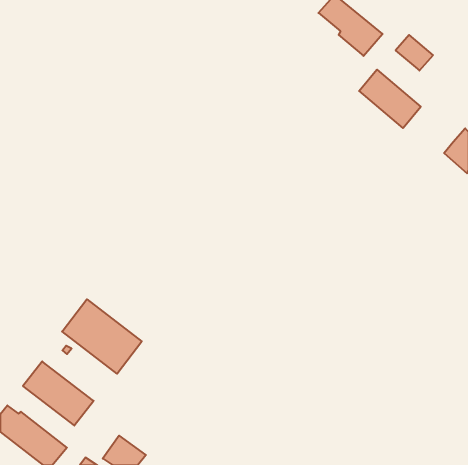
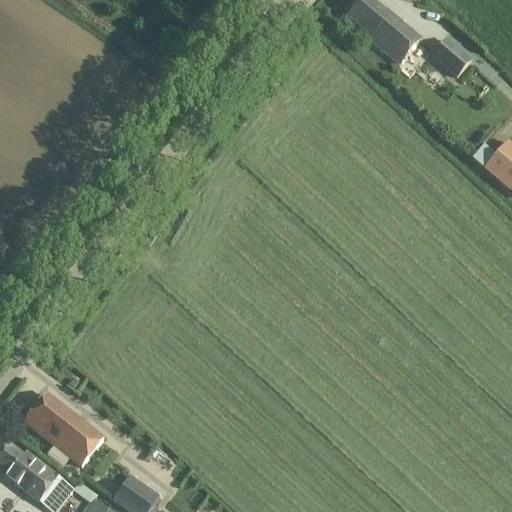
building: [359,70,421,128] -> none
building: [62,299,142,374] -> none

